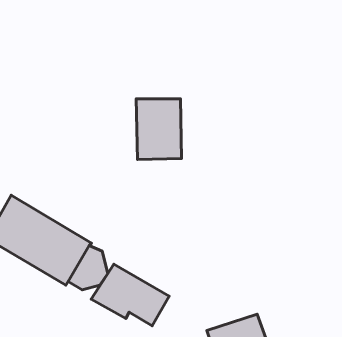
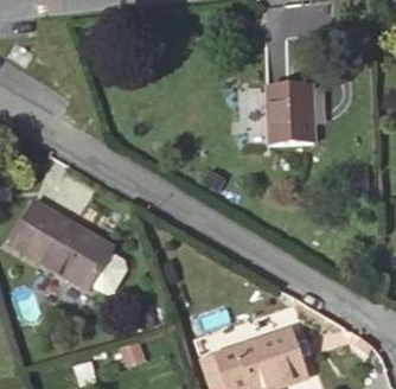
building: [136,99,182,160] -> [269,81,315,142]
building: [91,264,169,326] -> none

